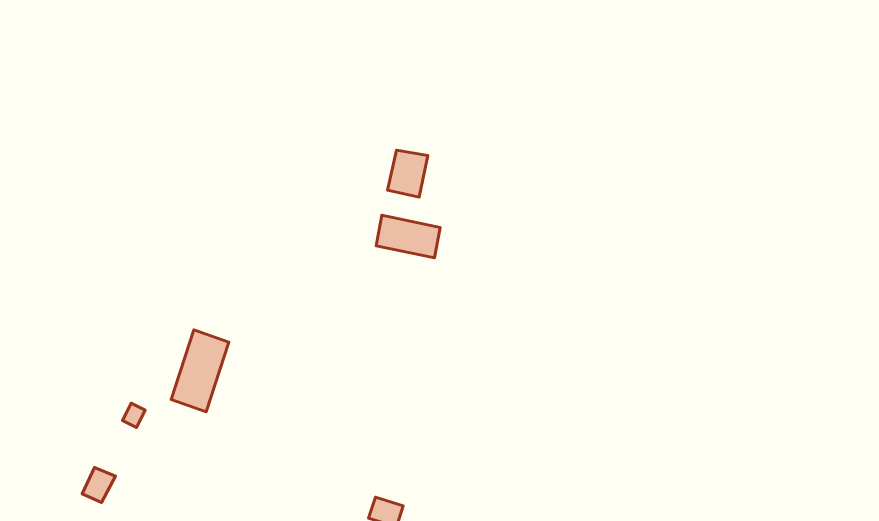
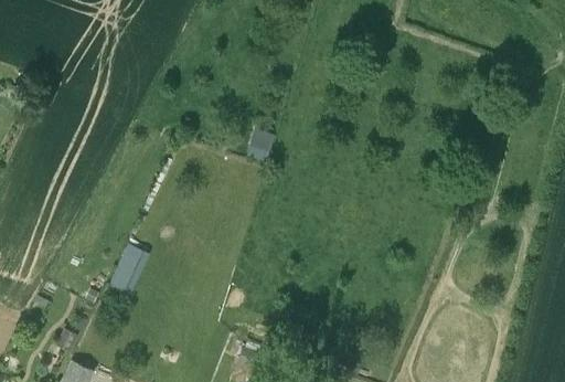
building: [376,215,440,258] -> none

